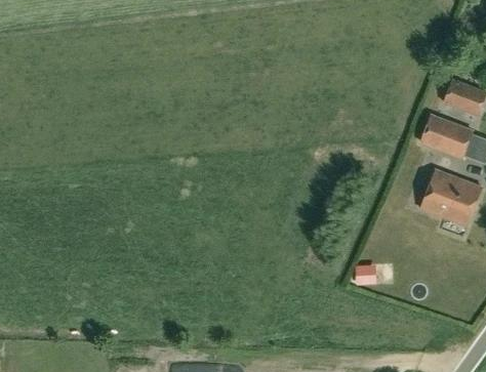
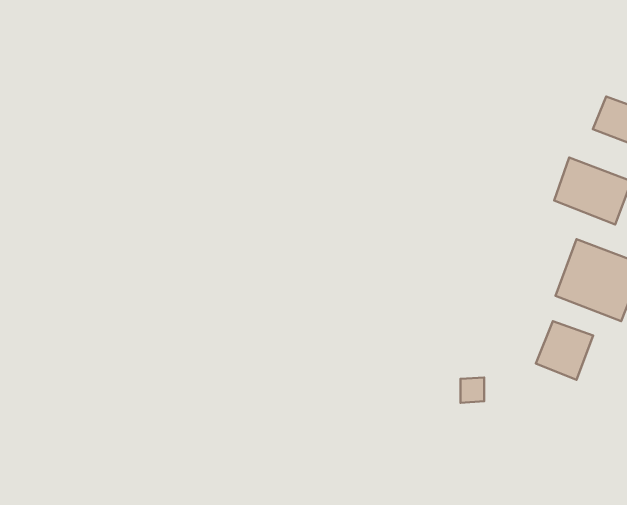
building: none -> [536,321,593,380]

